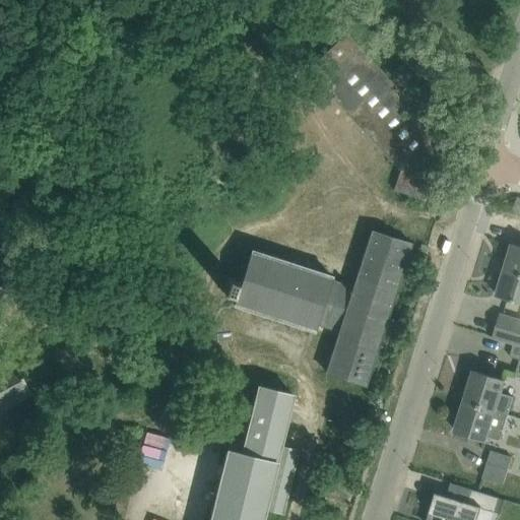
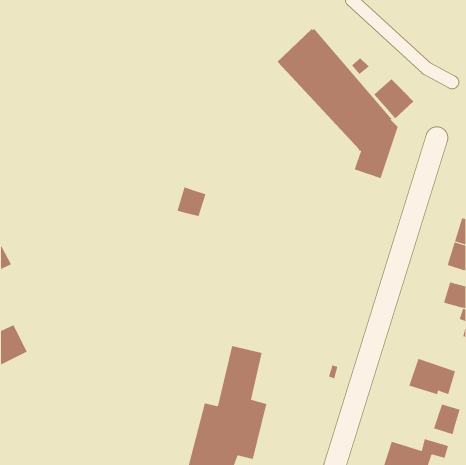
building: none -> [373,78,414,119]
building: none -> [177,187,206,217]
building: [235,232,411,385] -> none
building: [465,371,513,414] -> none

